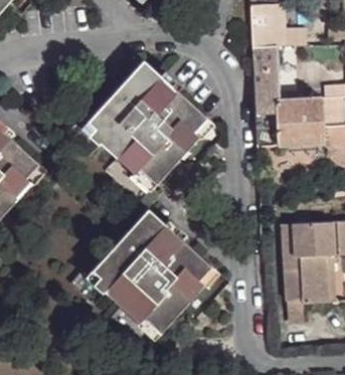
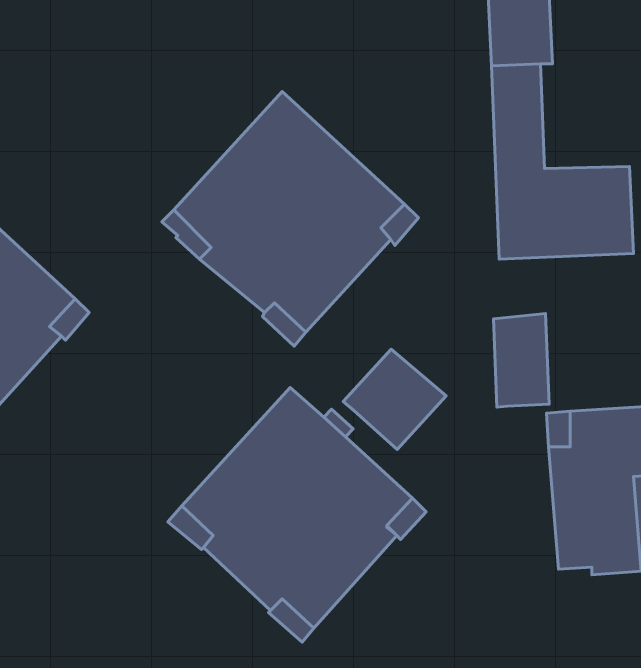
building: none -> [493,314,549,407]
building: none -> [343,349,446,450]

